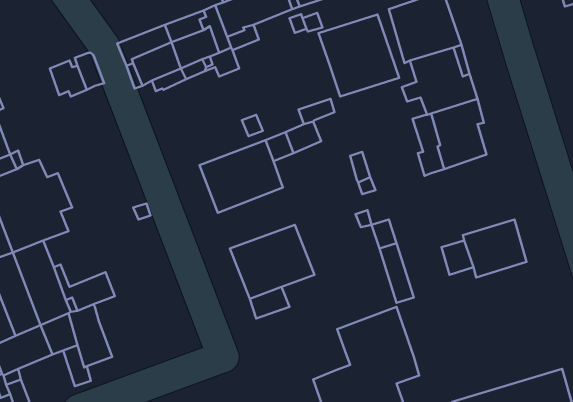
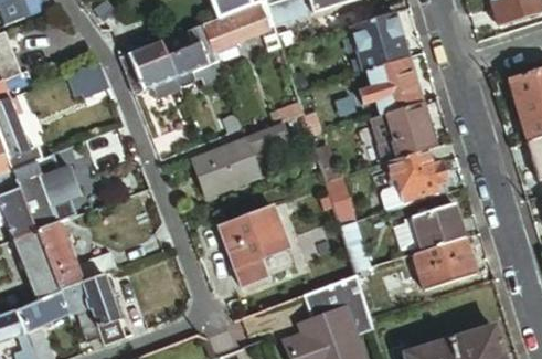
building: [318,14,399,97] -> none
building: none -> [384,149,447,200]
building: none -> [419,237,476,287]

